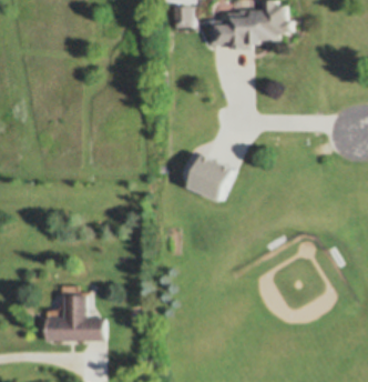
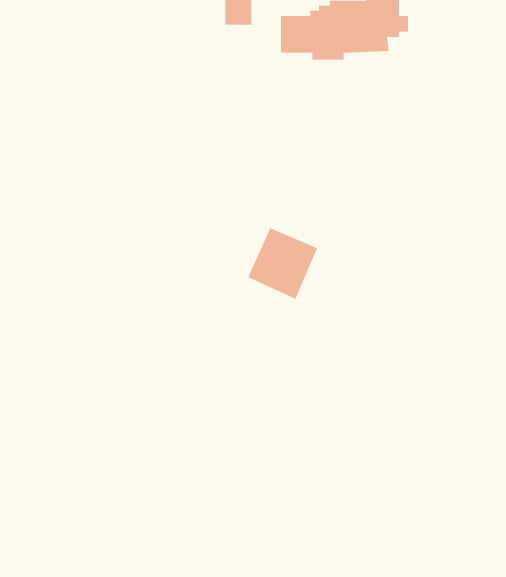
building: [47,284,105,340] -> none

